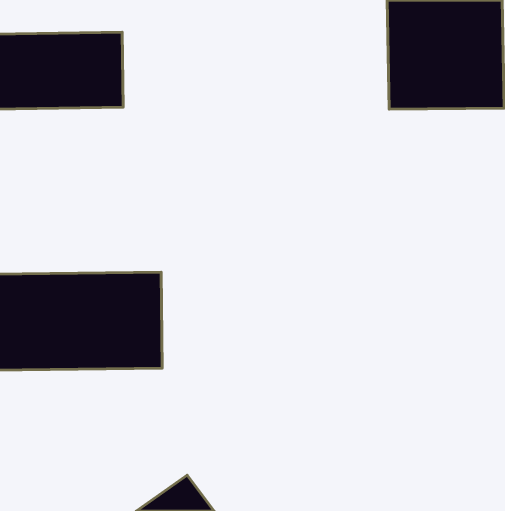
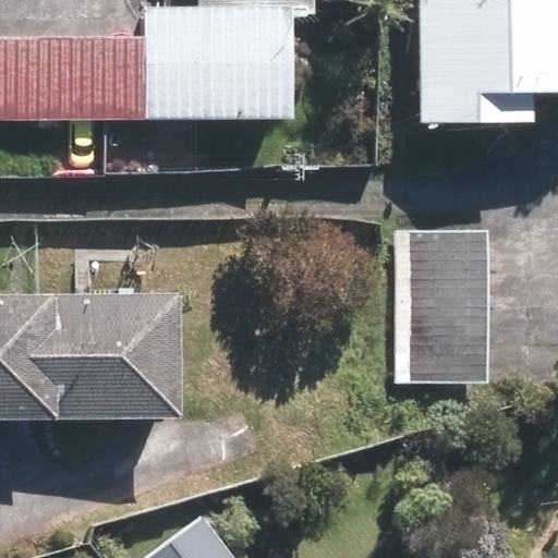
building: none -> [136,16,298,117]
building: none -> [399,233,486,372]

